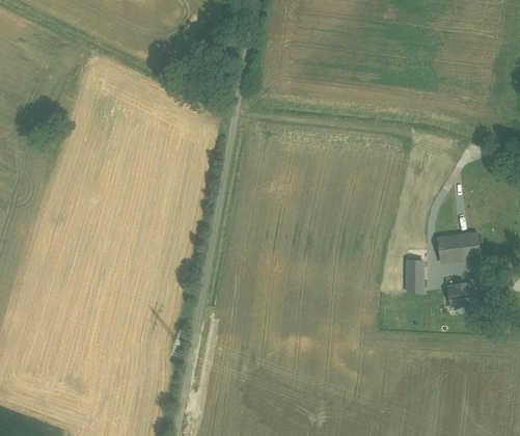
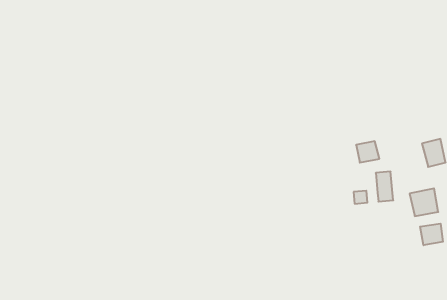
building: [439,240,462,261] -> [356,141,379,163]
building: none -> [420,224,443,245]

